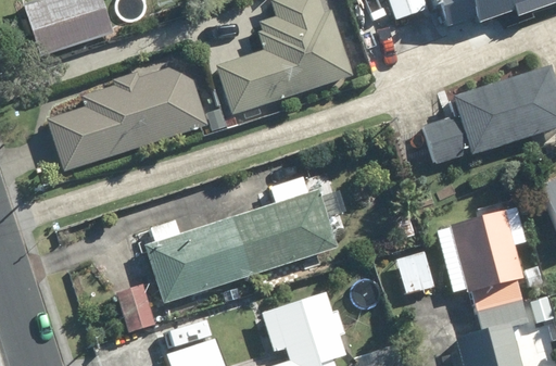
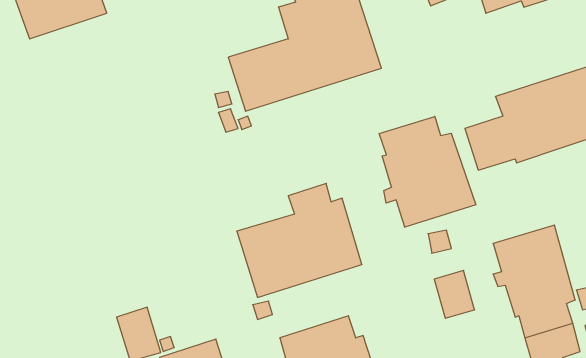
building: [46,67,206,171] -> none
building: none -> [379,116,476,227]
building: [144,218,242,302] -> none

